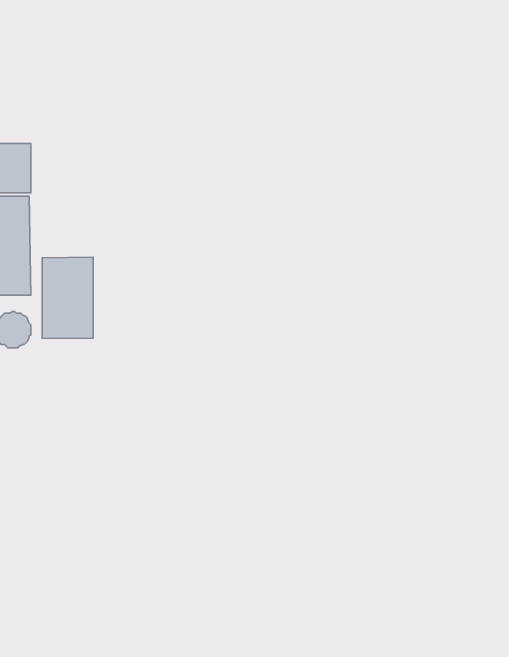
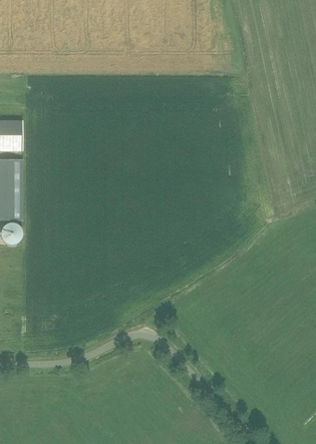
building: [42,257,93,339] -> none

